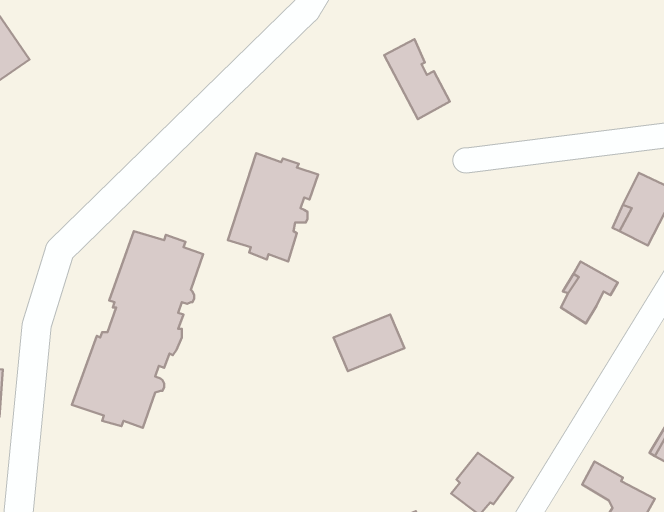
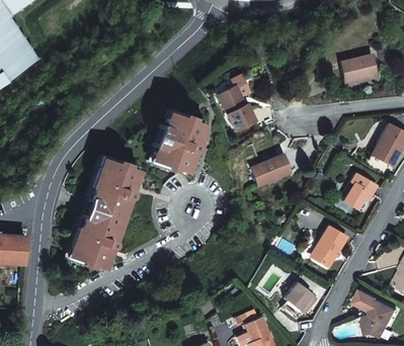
building: [384,39,450,119] -> [217,85,254,131]
building: none -> [338,55,377,81]
building: [334,314,404,371] -> [250,154,291,186]
building: none -> [314,226,346,266]

